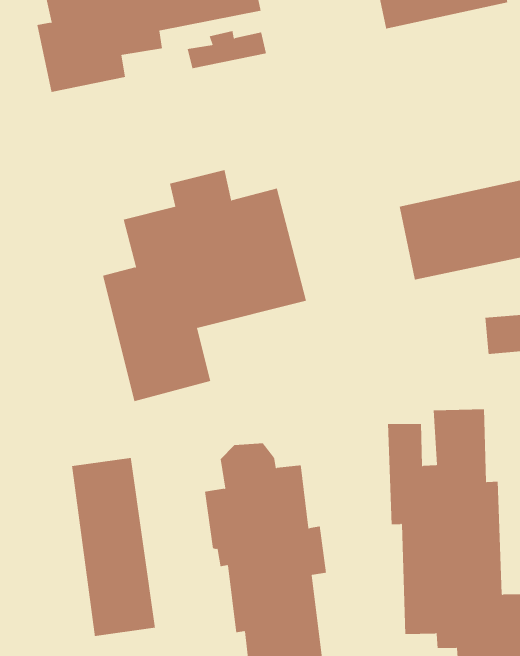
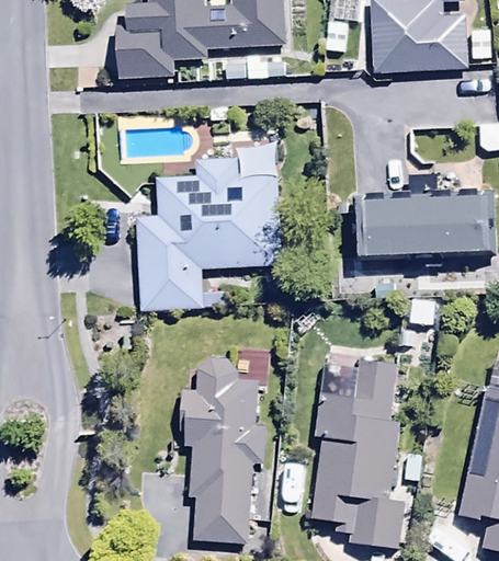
building: [72,457,155,637] -> none

